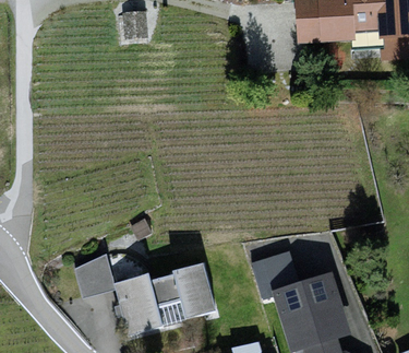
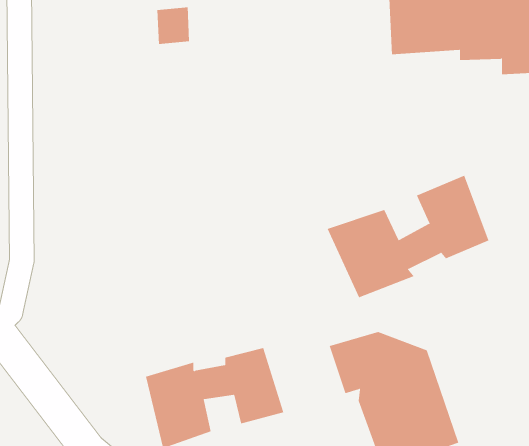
building: none -> [327,175,489,298]
building: [73,246,117,290] -> none

